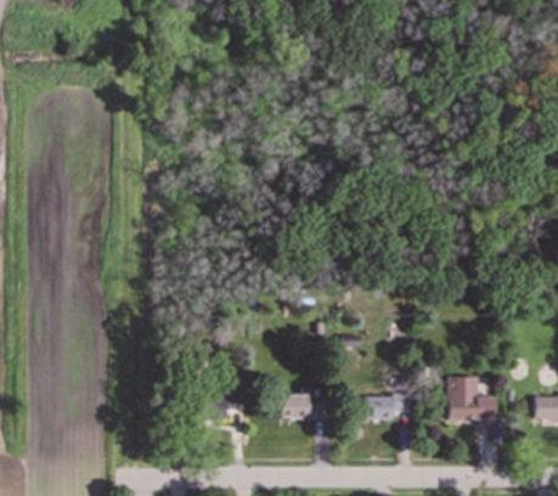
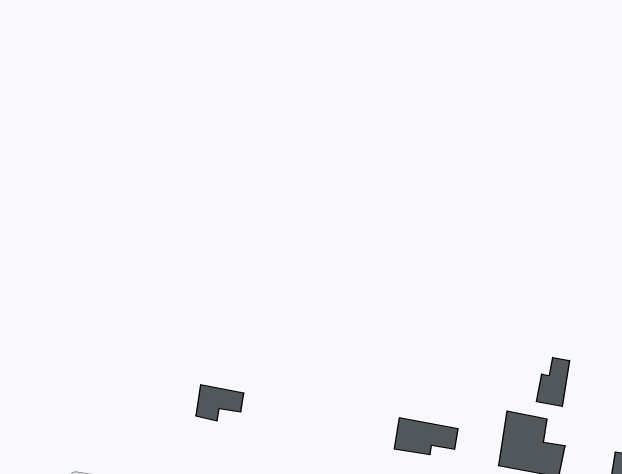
building: none -> [537,357,569,407]
building: [282,394,327,419] -> none

